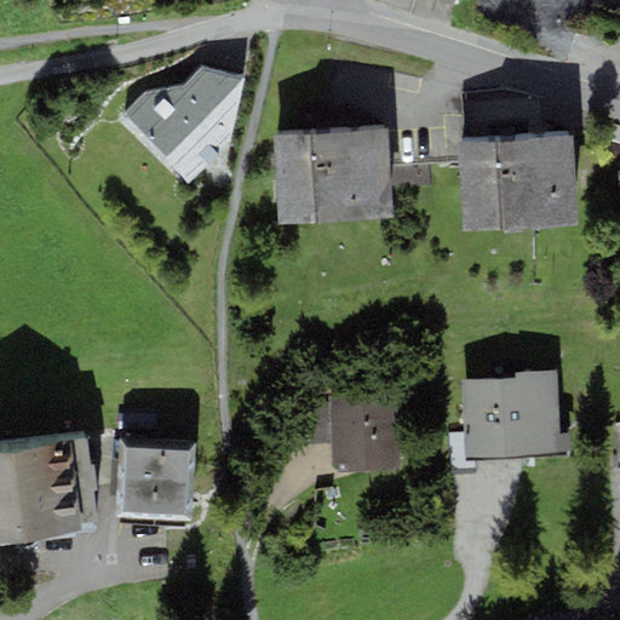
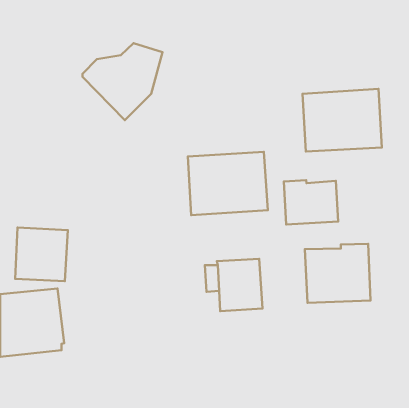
building: [272,126,394,222] -> [188,152,268,215]
building: none -> [284,180,338,224]
building: [116,437,196,518] -> [15,228,68,281]

